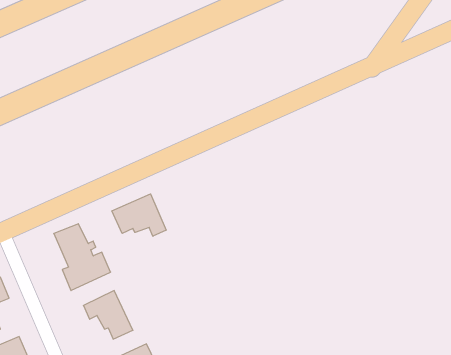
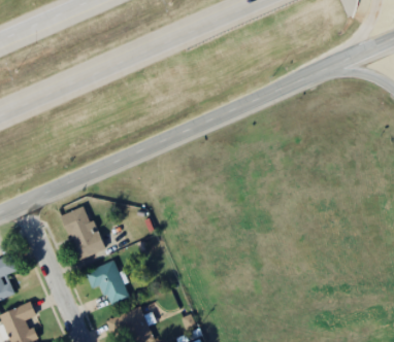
building: [112,194,166,236] -> none

